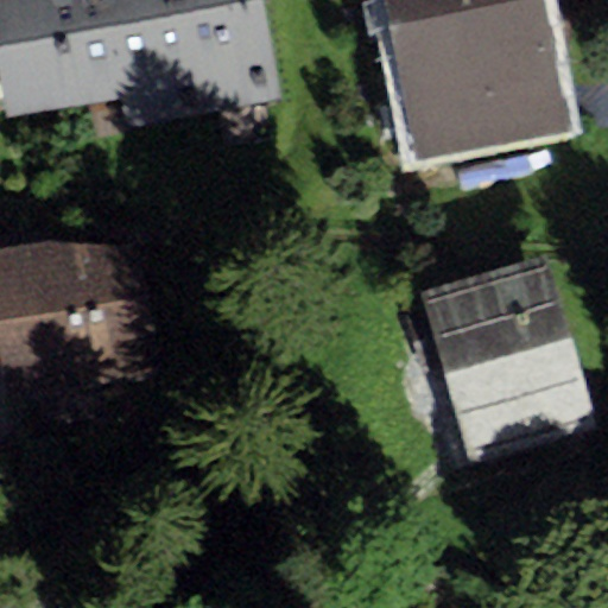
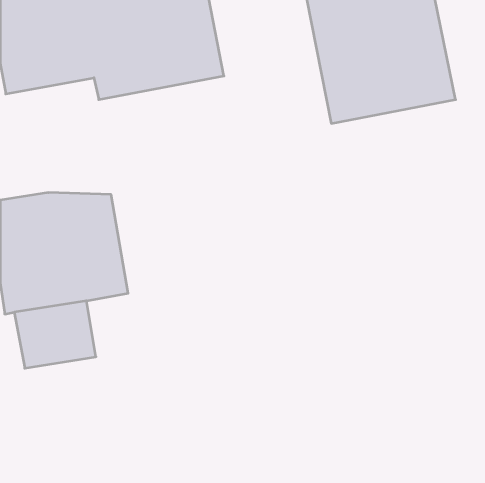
building: [411,253,597,463] -> none

